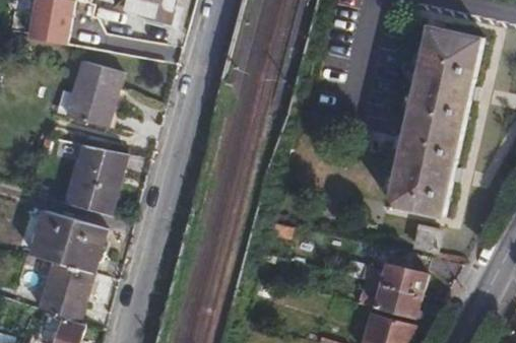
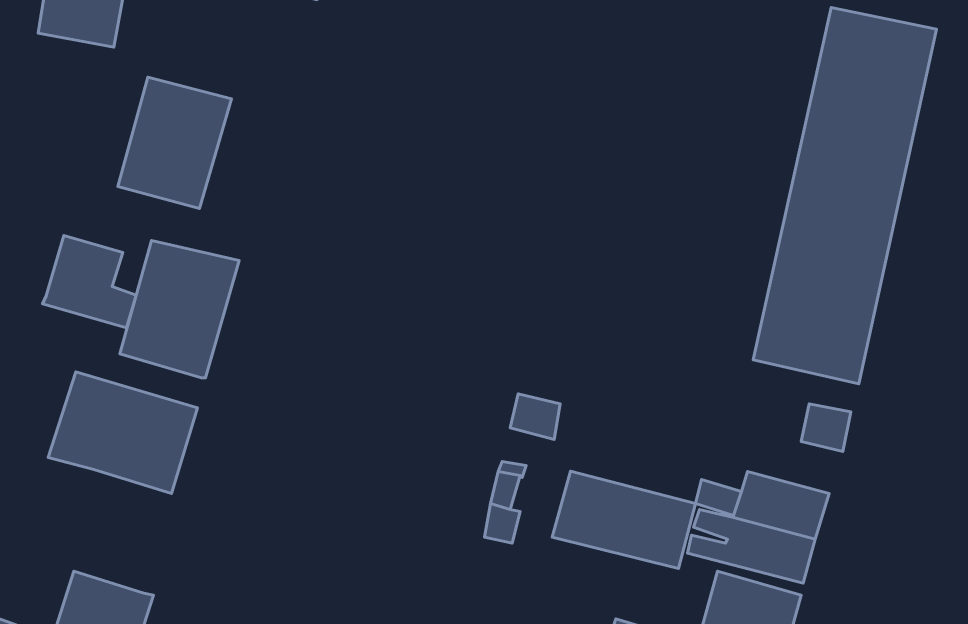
building: none -> [43,236,136,328]
building: [39,260,93,323] -> none
building: none -> [552,471,696,568]

